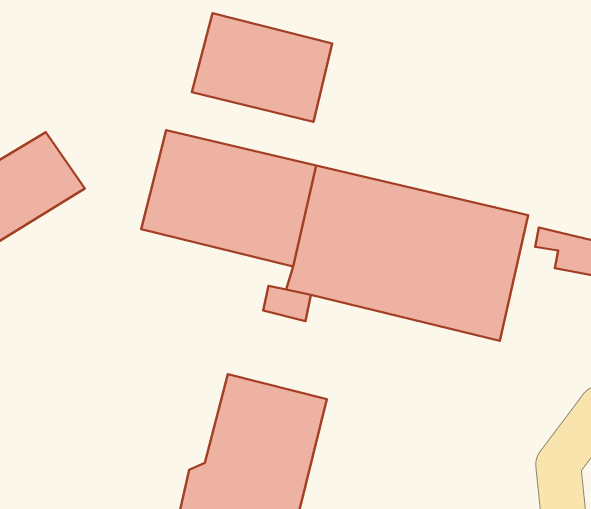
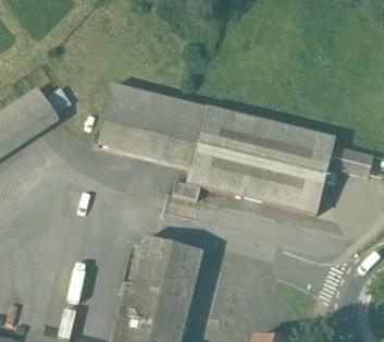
building: [192,13,332,122] -> none

